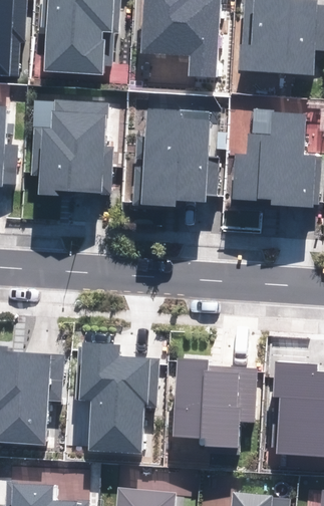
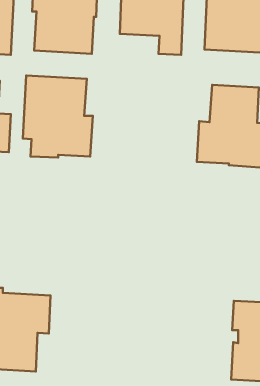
building: [134,107,218,206] -> none
building: [76,341,158,452] -> none
building: [174,357,257,453] -> none

